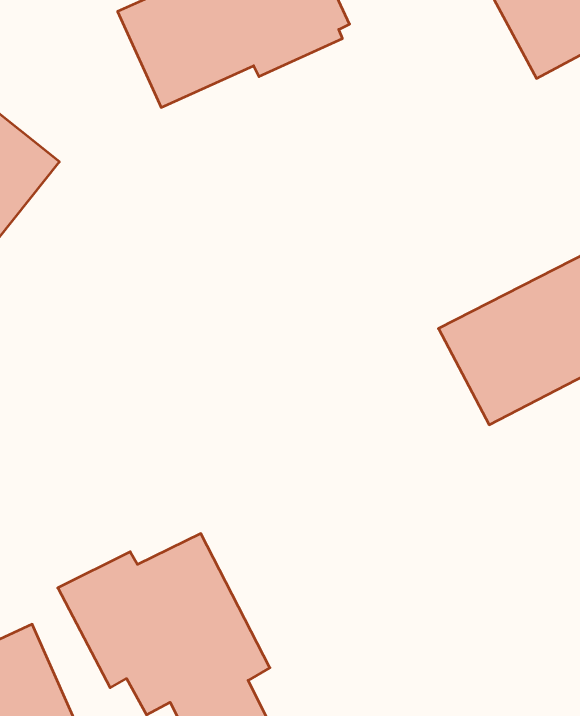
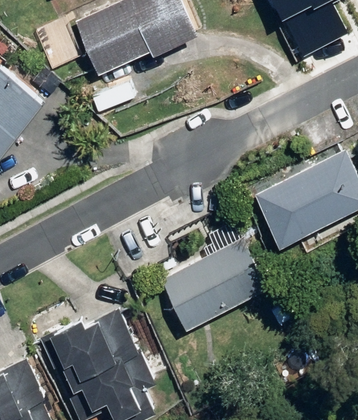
building: none -> [159,238,269,331]

